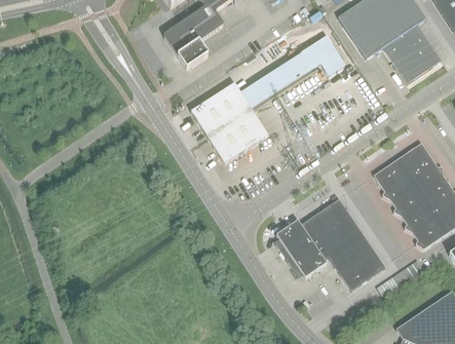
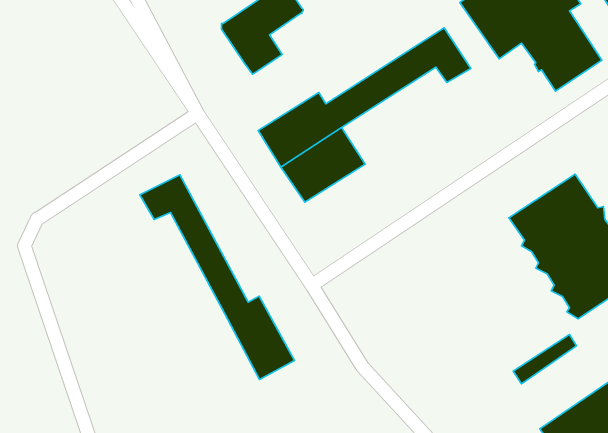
building: none -> [140,175,295,379]
building: [275,197,385,289] -> none

